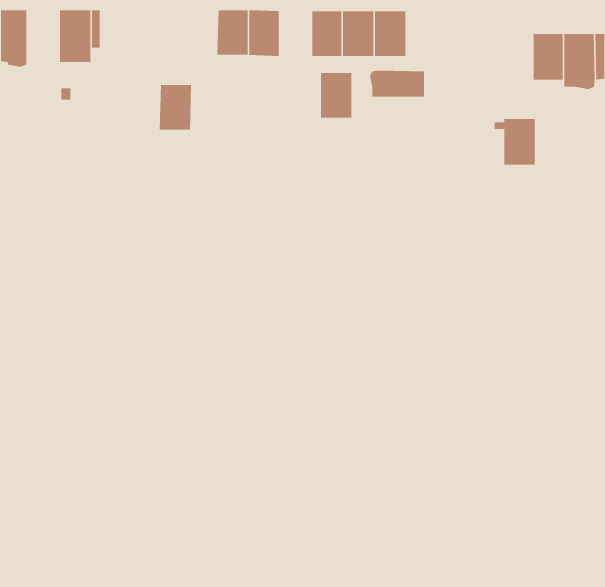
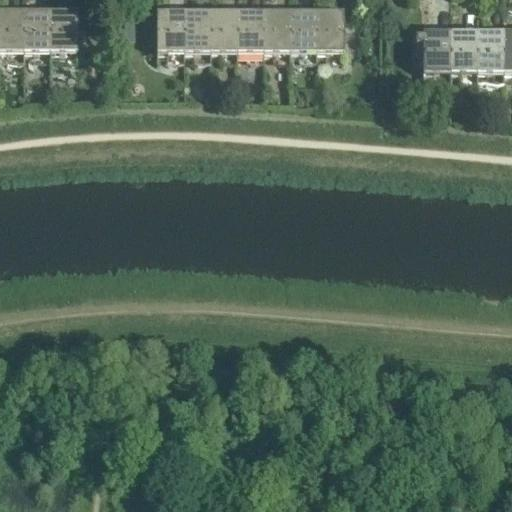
building: none -> [23,8,50,53]
building: [369,70,425,98] -> none
building: [320,72,352,118] -> [236,9,263,48]
building: [159,84,192,130] -> [156,8,184,47]
building: [494,118,535,165] -> [415,28,450,68]

